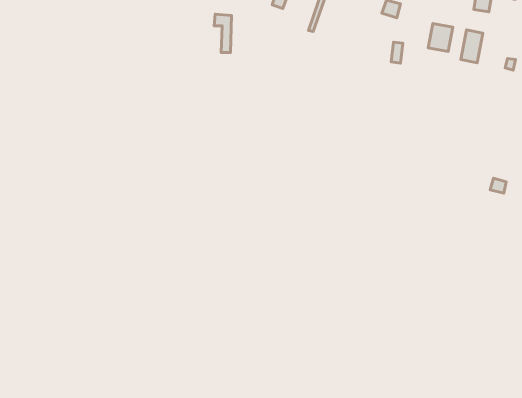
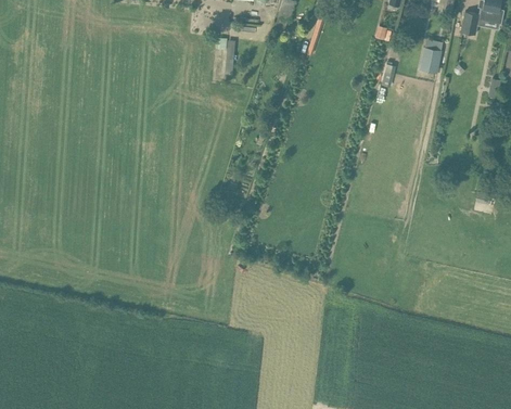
building: [461,30,483,63] -> none

